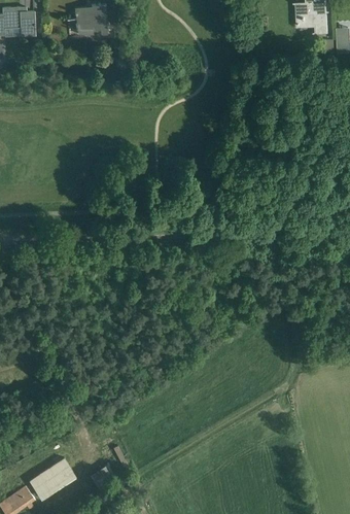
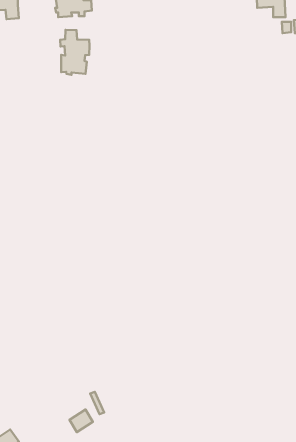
building: none -> [60,30,90,75]
building: [30,457,76,495] -> none

